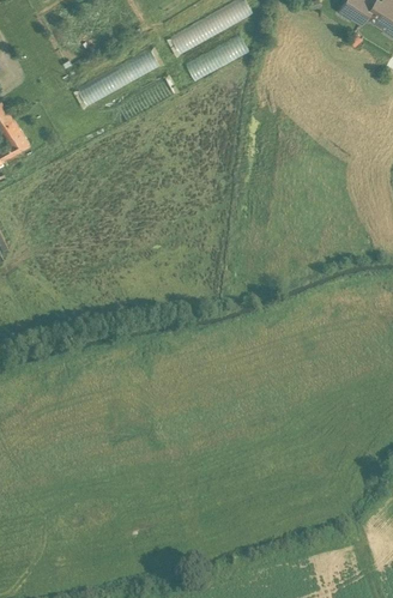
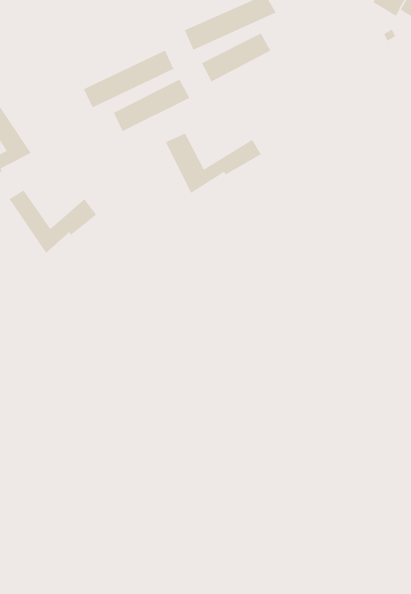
building: none -> [165,133,262,194]
building: none -> [9,190,97,254]

